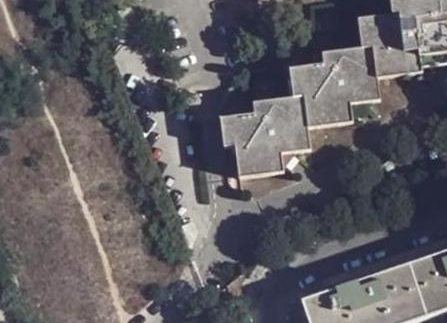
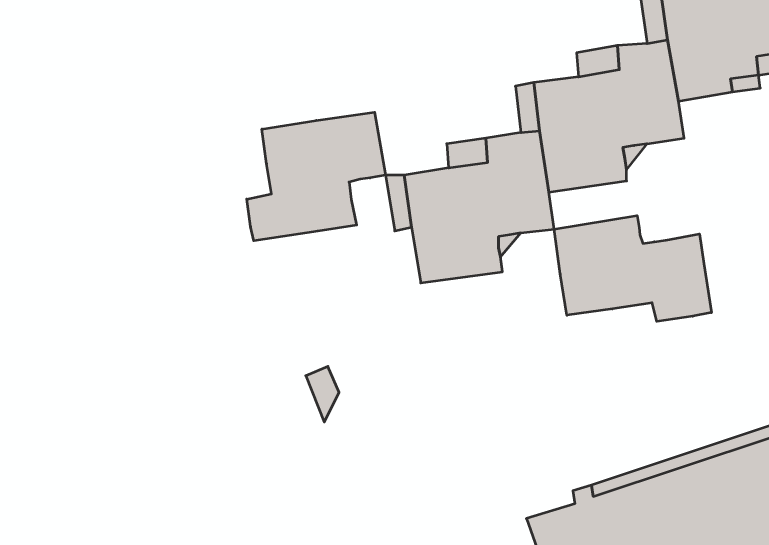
building: none -> [247,112,385,241]
building: none -> [554,216,711,321]

